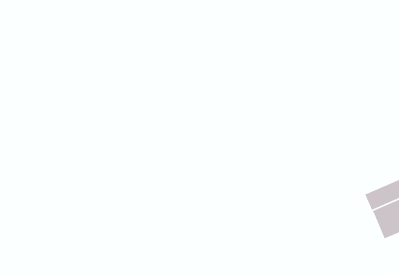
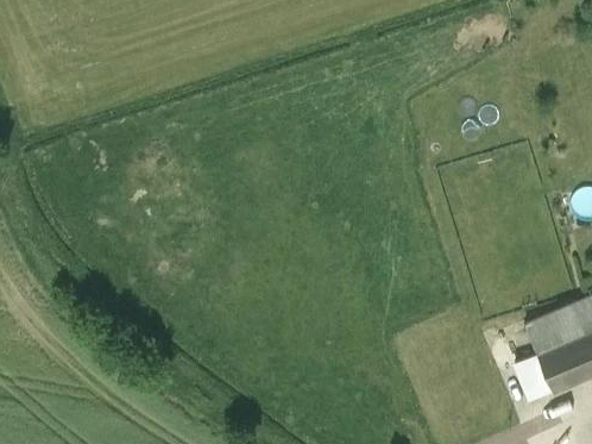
building: none -> [522,351,561,399]

